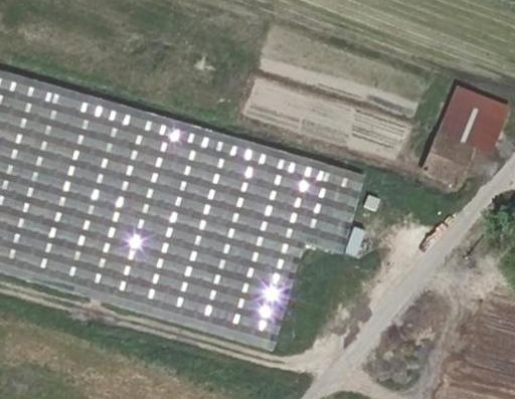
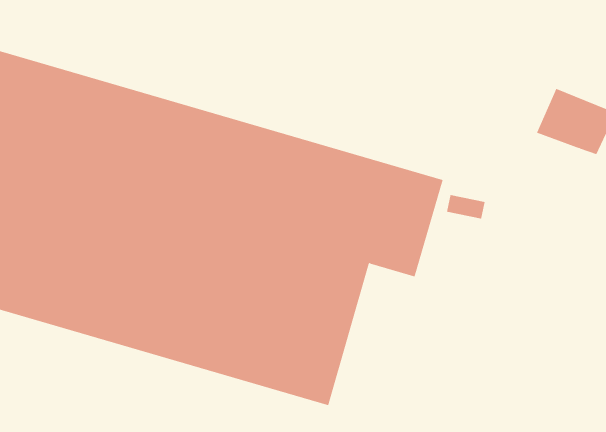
building: [424,135,474,179] -> none

